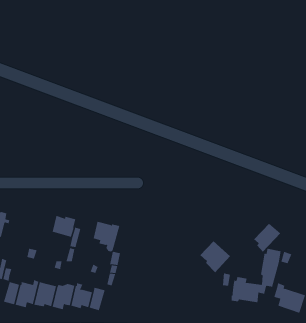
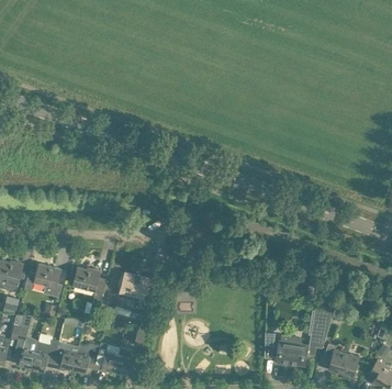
building: none -> [25,263,63,289]
building: [253,223,281,253] -> none
building: [199,240,231,273] -> none

